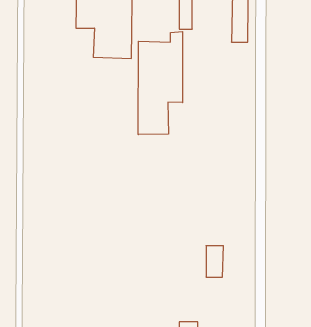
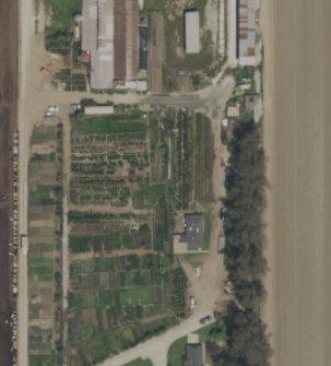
building: [138,32,183,135] -> none
building: [206,246,223,277] -> [186,216,203,248]

